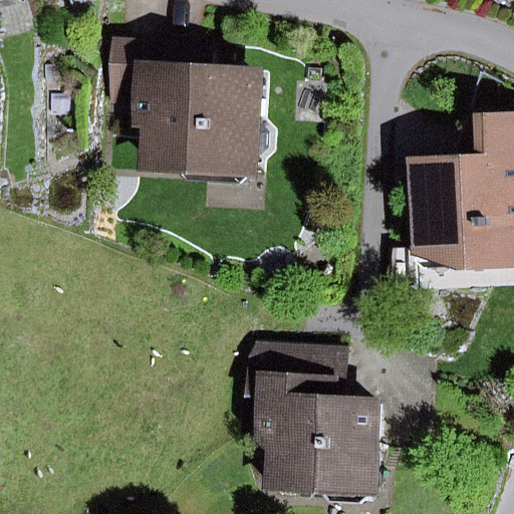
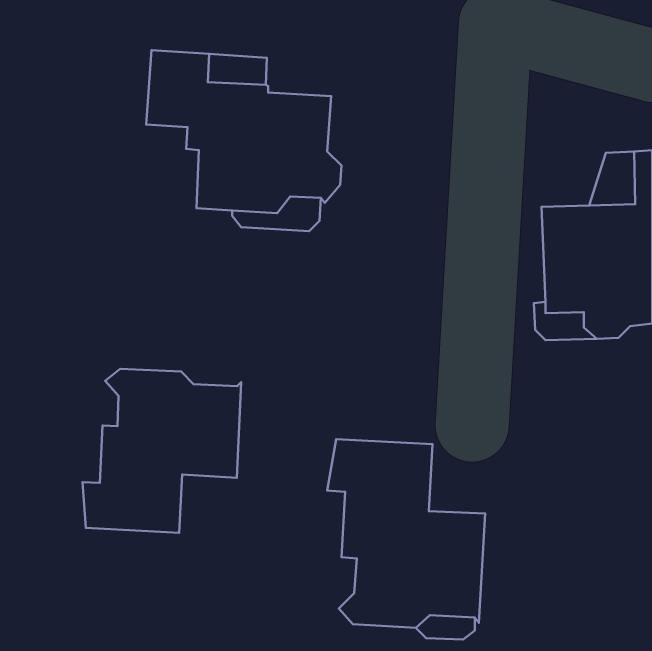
building: none -> [82,369,241,533]

